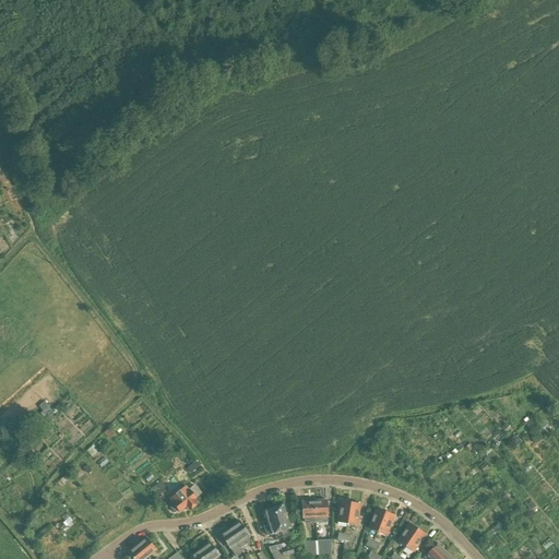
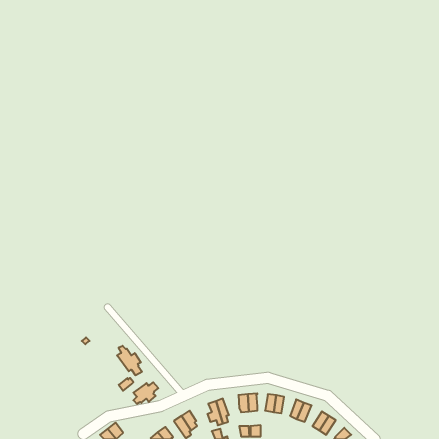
building: none -> [117,346,142,375]

